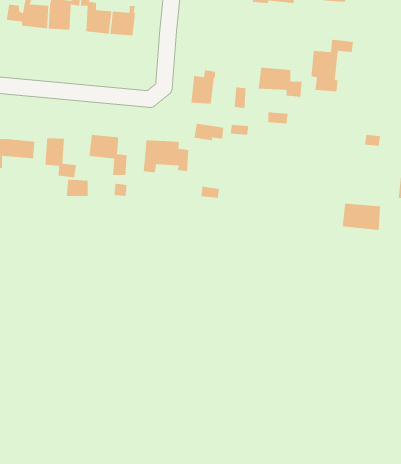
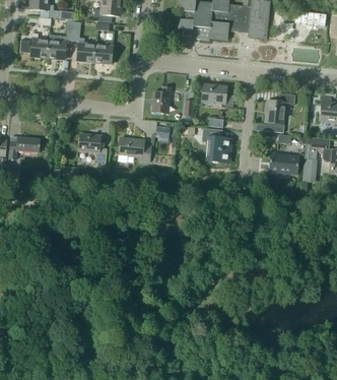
building: [310,39,354,92] -> [264,92,295,131]
building: none -> [201,127,229,161]
building: [44,137,77,178] -> none
building: [342,203,381,231] -> [270,152,298,173]

